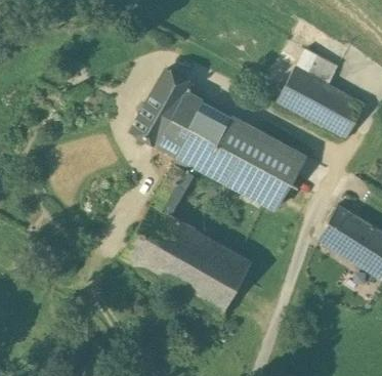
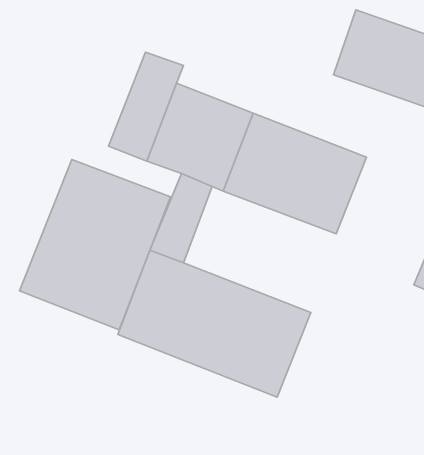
building: none -> [19,159,171,330]

